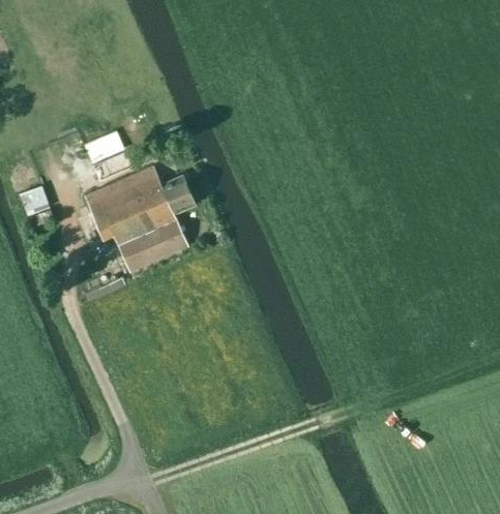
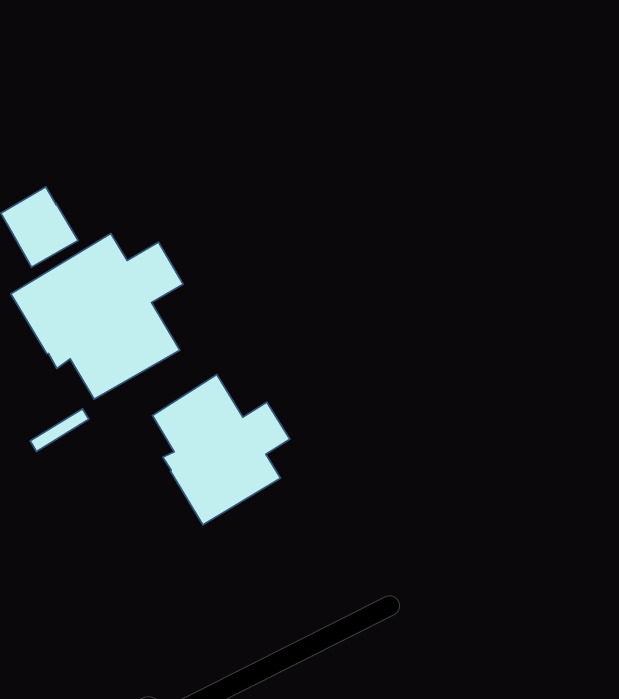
building: none -> [152,374,290,525]

